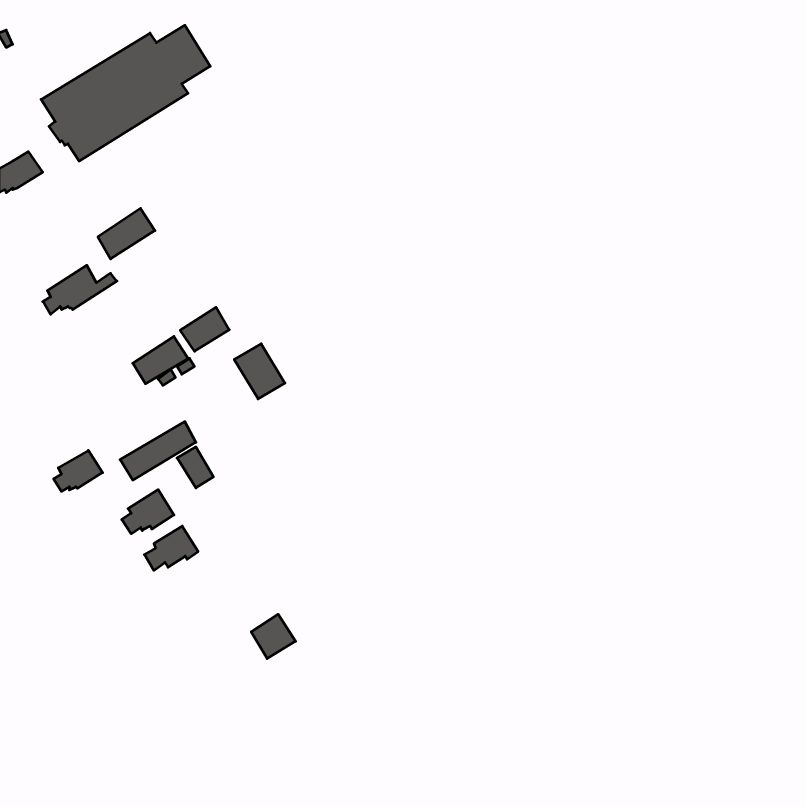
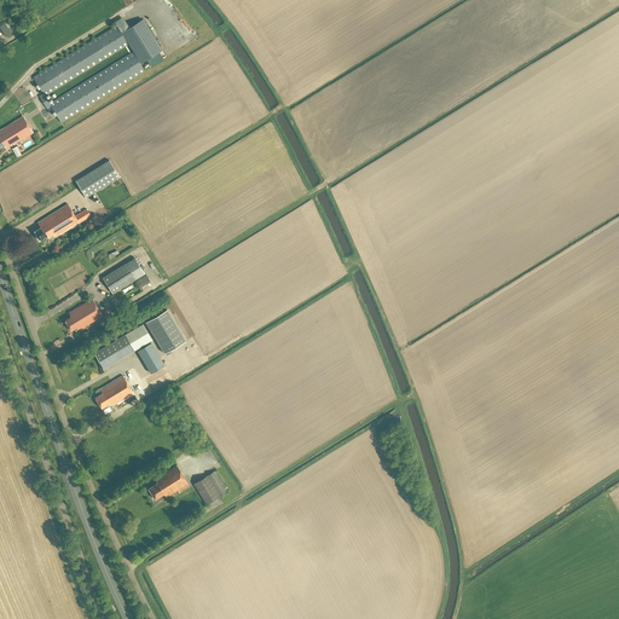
building: [180,307,229,351] -> none
building: [234,344,285,399] -> [146,311,185,353]
building: [54,450,103,491] -> [64,299,102,330]
building: [144,526,198,570] -> [146,465,187,499]

